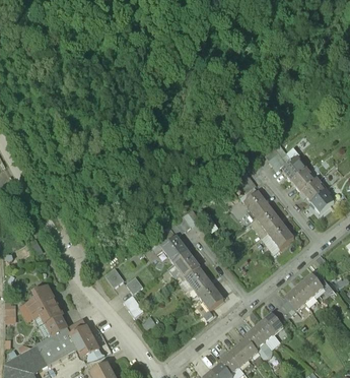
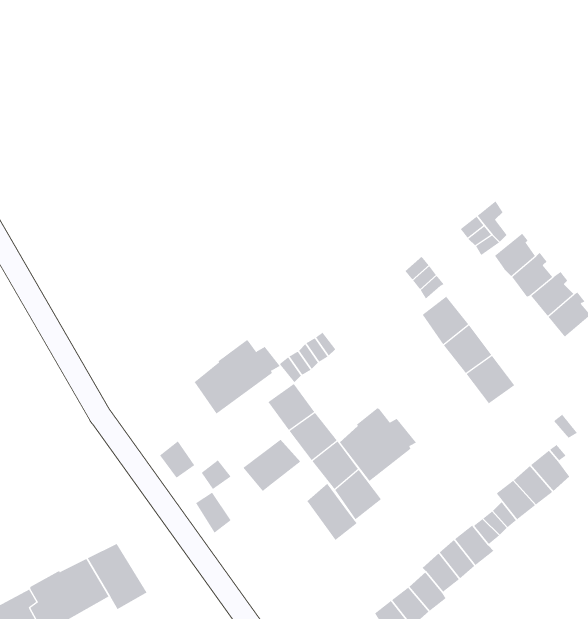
building: none -> [194,339,280,414]
building: none -> [339,407,417,482]
building: none -> [243,439,301,492]
building: [25,288,65,336] -> none
building: none -> [306,483,358,541]

